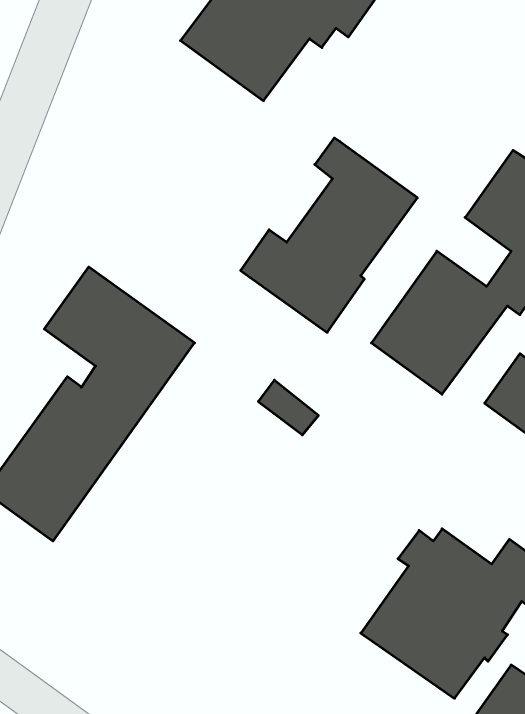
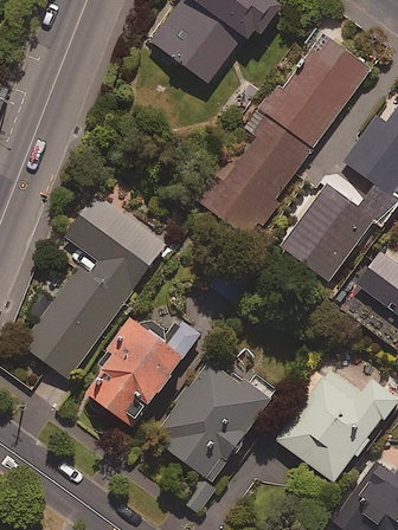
building: none -> [259,27,370,148]
building: none -> [85,316,204,429]
building: none -> [152,358,270,480]

